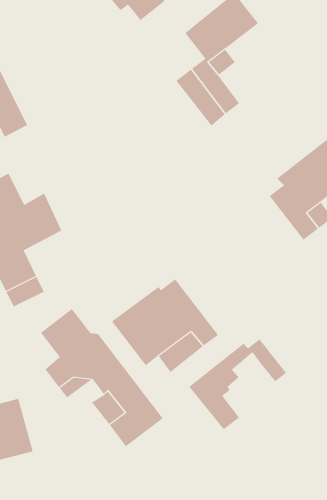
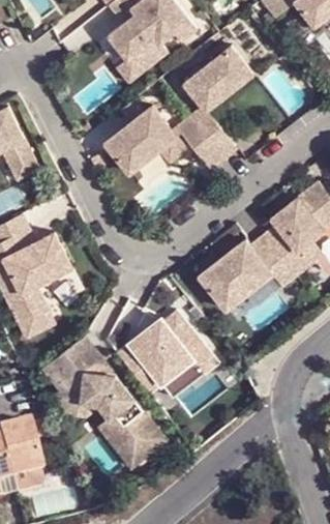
building: none -> [104,106,185,173]
building: none -> [199,235,295,310]
building: [189,339,287,430] -> none

